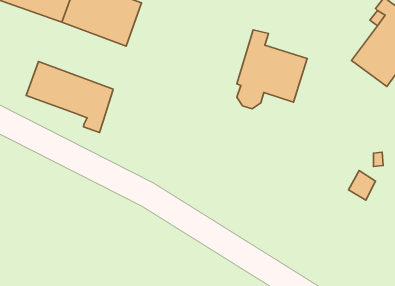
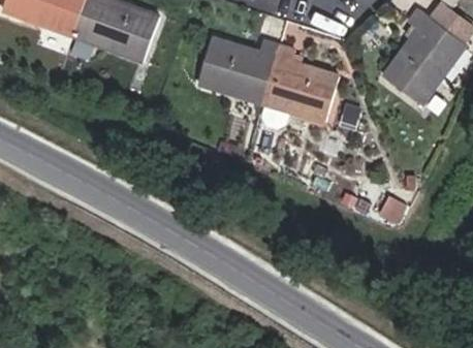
building: none -> [199,37,278,101]
building: [26,61,113,132] -> none

